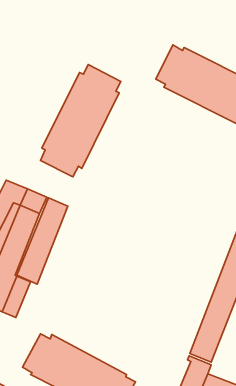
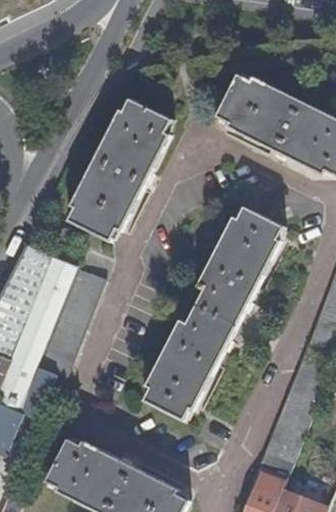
building: none -> [144,206,283,420]

